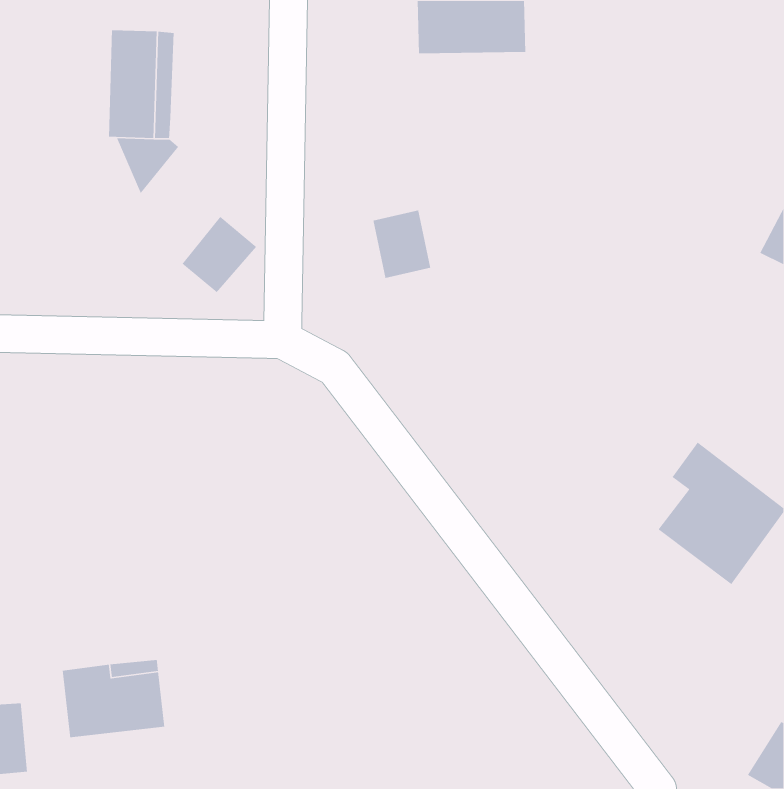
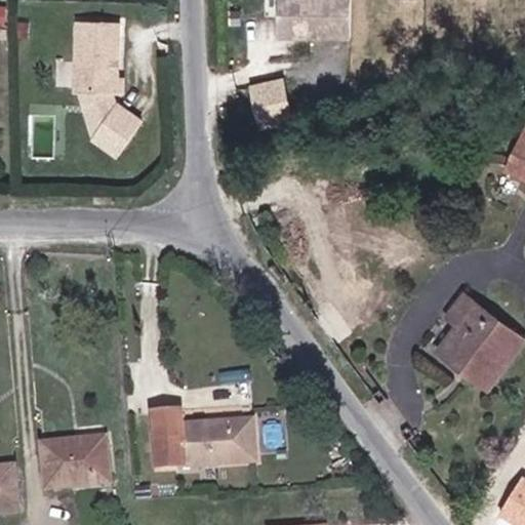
building: [372,209,431,279] -> [250,80,289,126]
building: [181,216,257,293] -> [93,97,144,149]
building: none -> [152,412,255,467]

